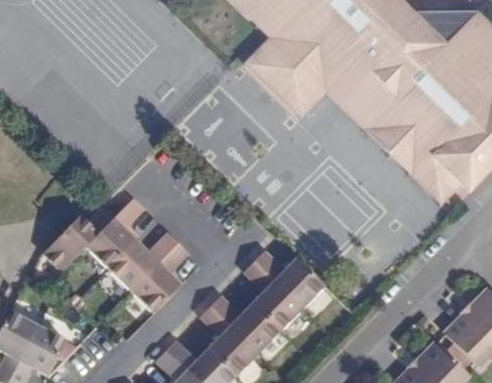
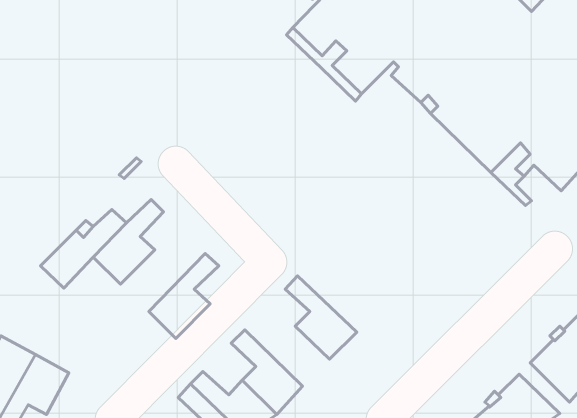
building: [109,230,179,289] -> none
building: [255,249,325,306] -> none
building: [211,293,281,351] -> none

